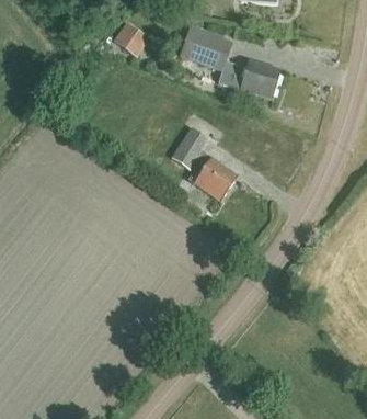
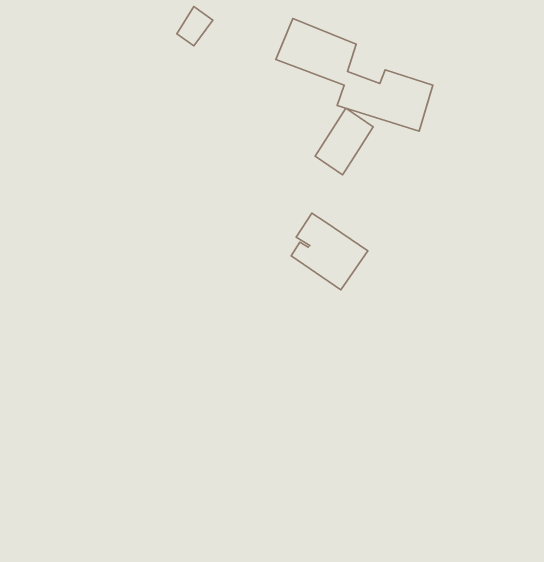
building: [172,127,209,170] -> [315,108,373,175]

